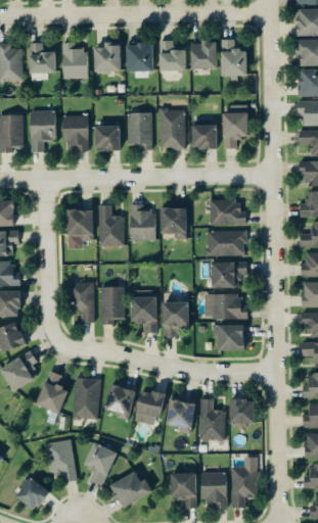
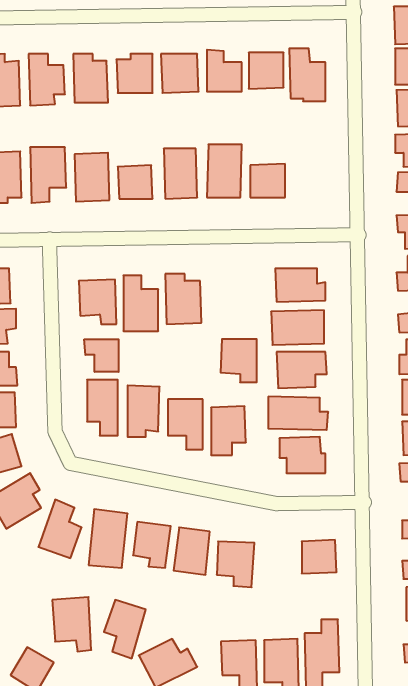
building: [222,105,247,148] -> none
building: [160,207,186,239] -> [221,339,257,382]
building: none -> [84,339,119,372]
building: [199,399,225,440] -> none

